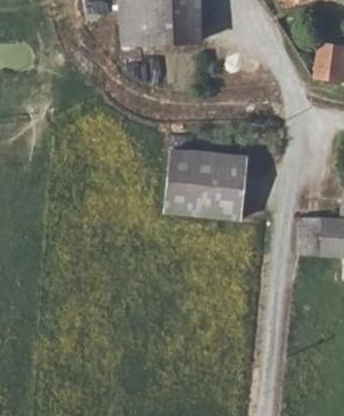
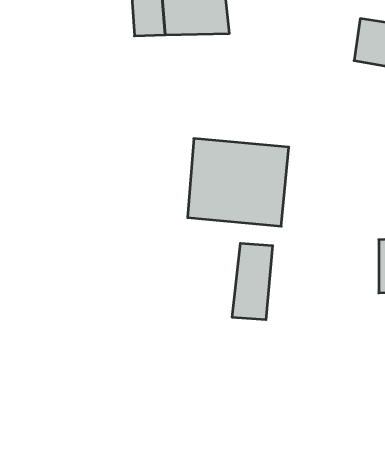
building: [301,217,323,265] -> none
building: none -> [232,243,273,320]

